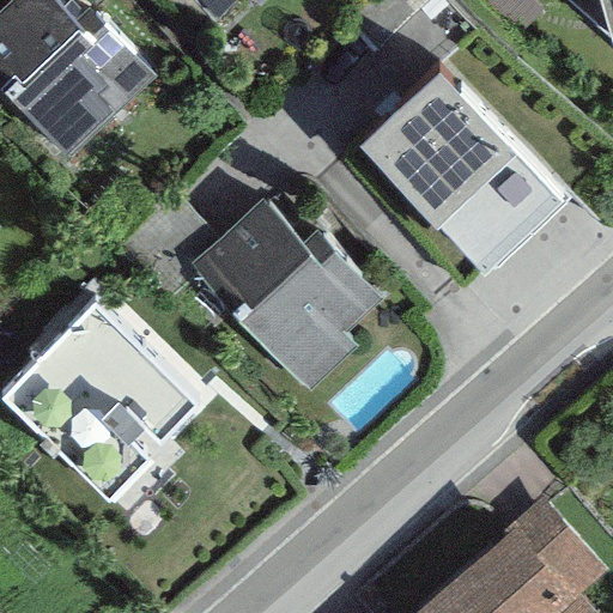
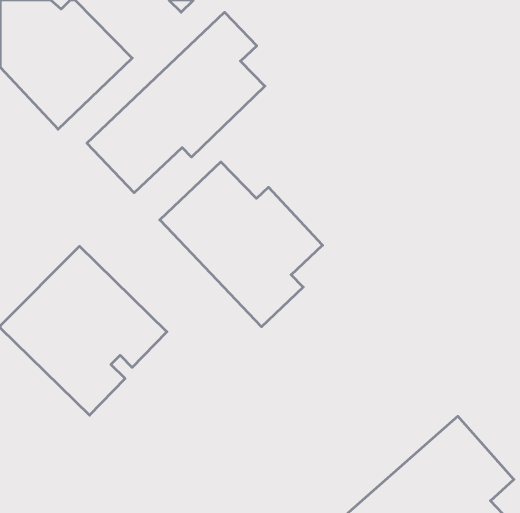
building: none -> [87,12,265,193]
building: [358,55,571,275] -> none

